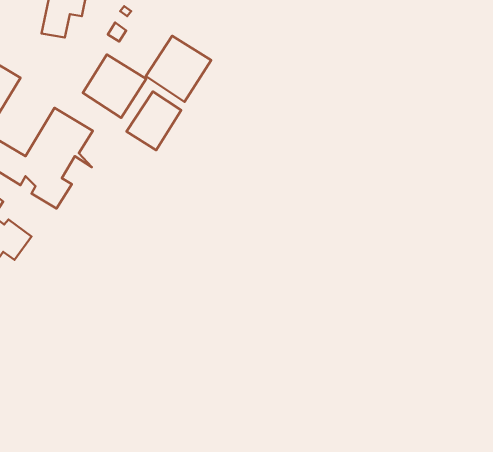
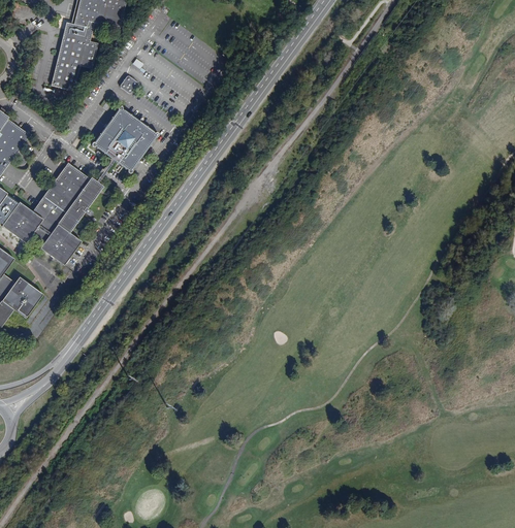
building: [146,36,211,102] -> none
building: [127,92,181,150] -> none

